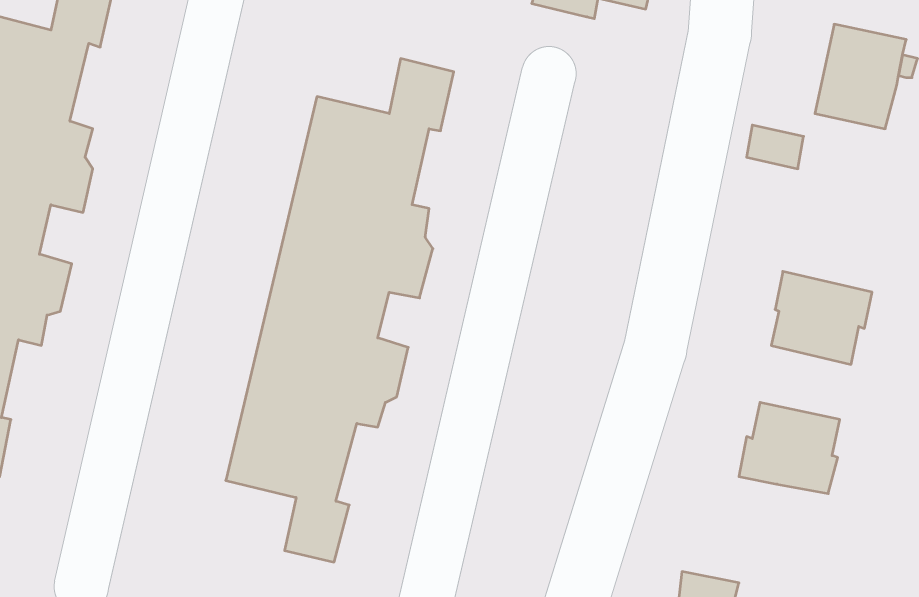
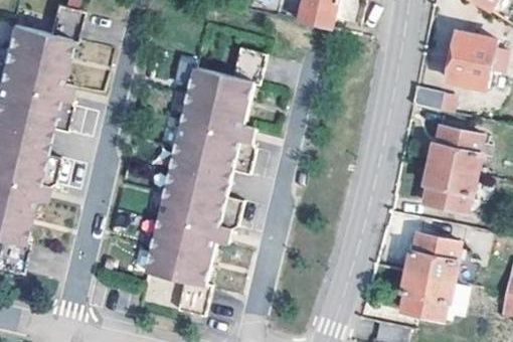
building: none -> [432,126,485,174]
building: none -> [402,272,470,320]

